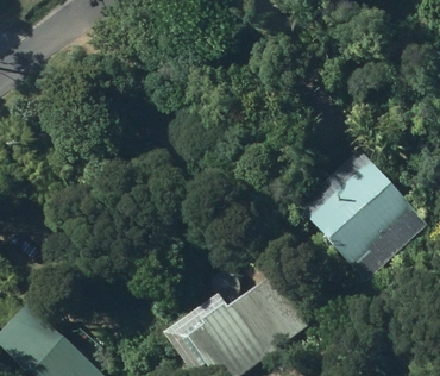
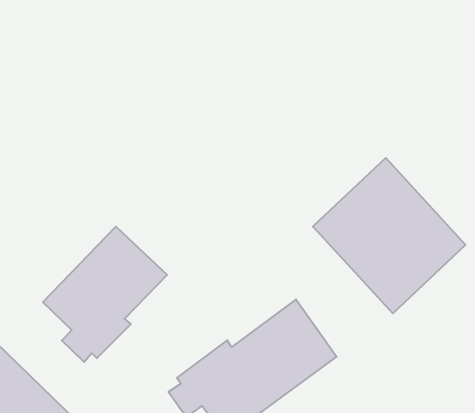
building: none -> [43,227,167,362]

